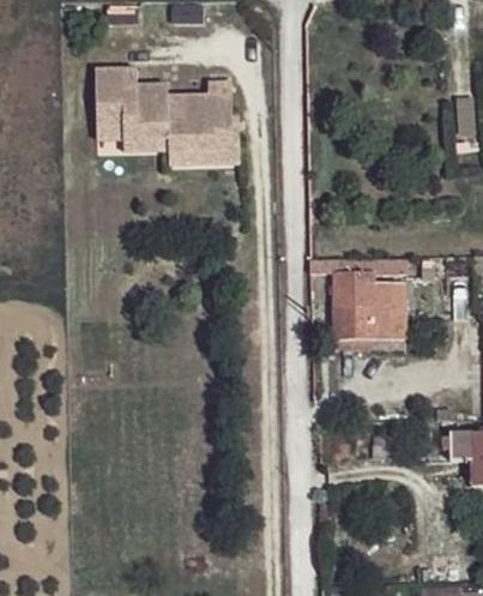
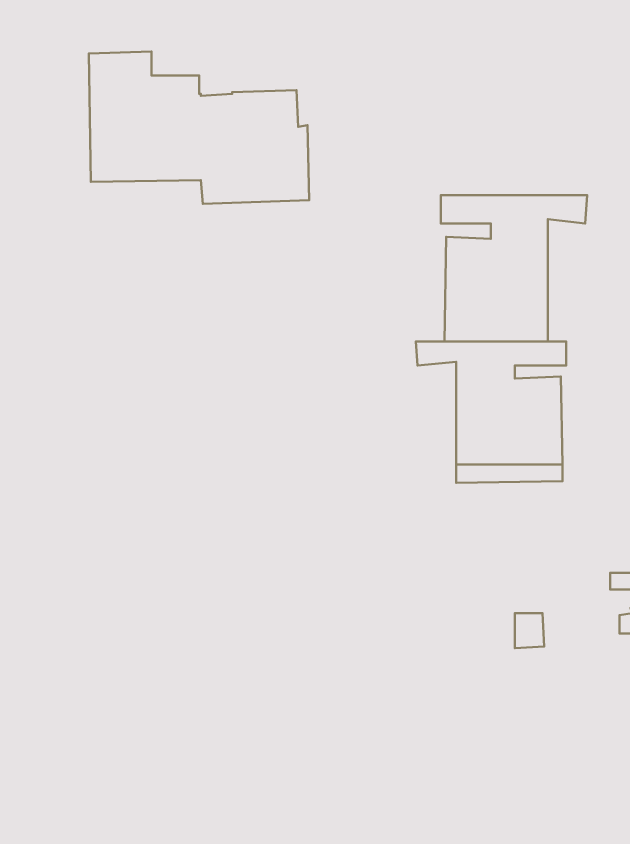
building: none -> [441,195,587,342]

